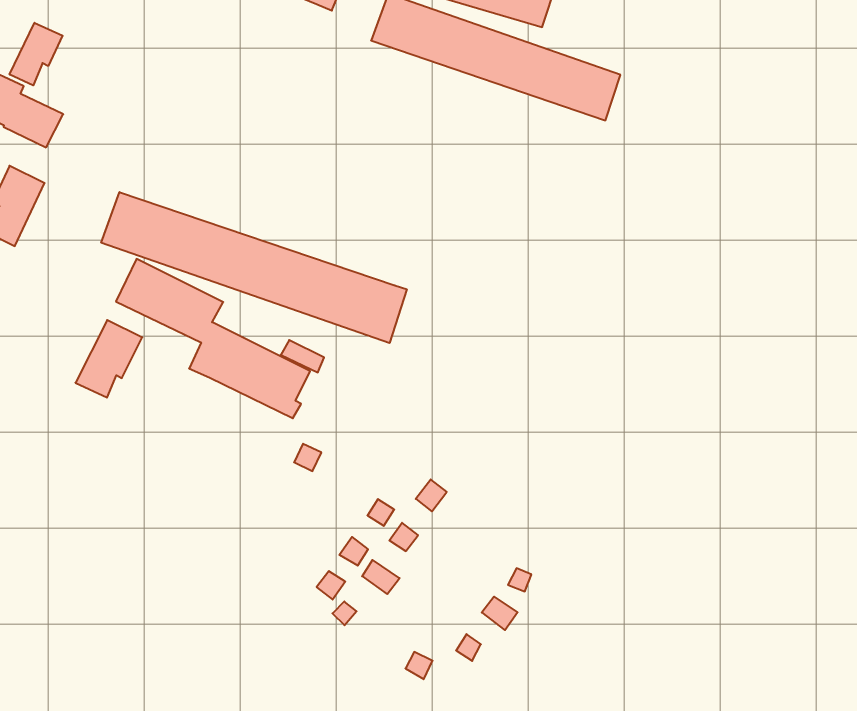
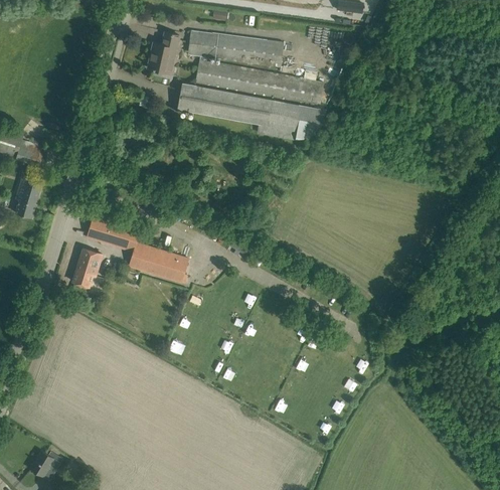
building: [10,23,63,85] -> none
building: none -> [177,84,325,143]
building: [101,192,407,343] -> none

